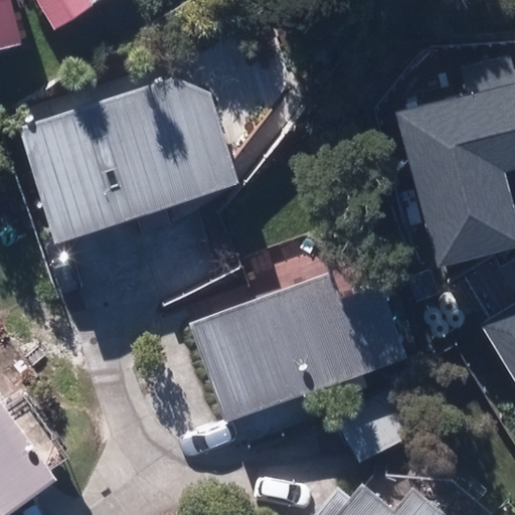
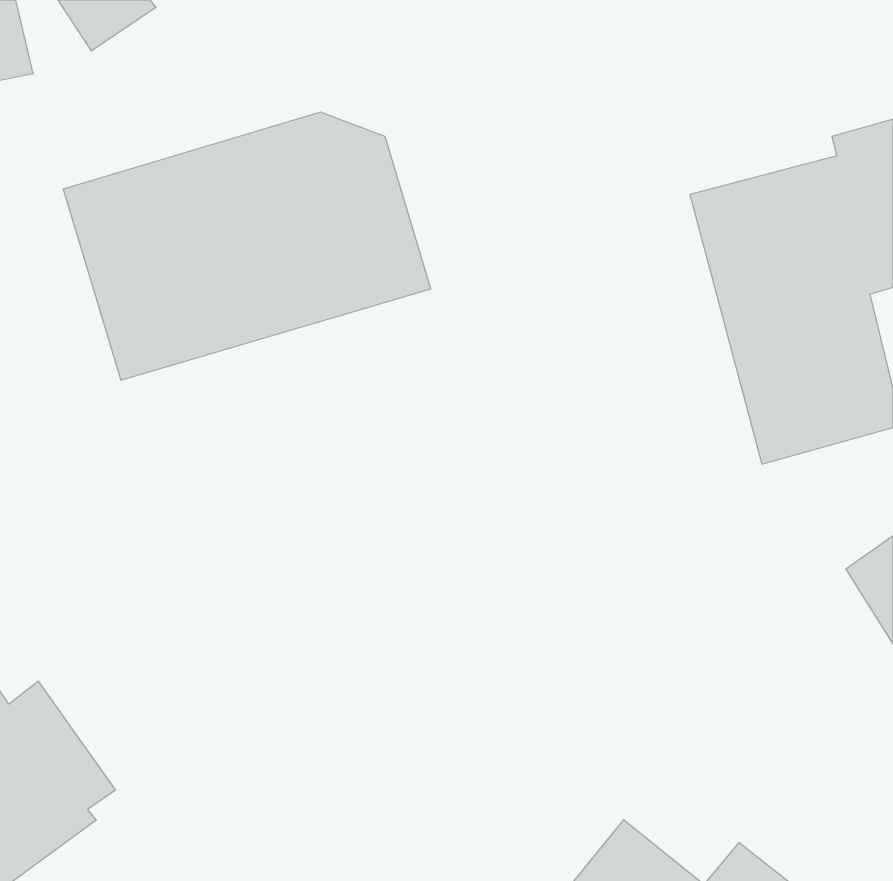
building: [194,279,408,422] -> none

